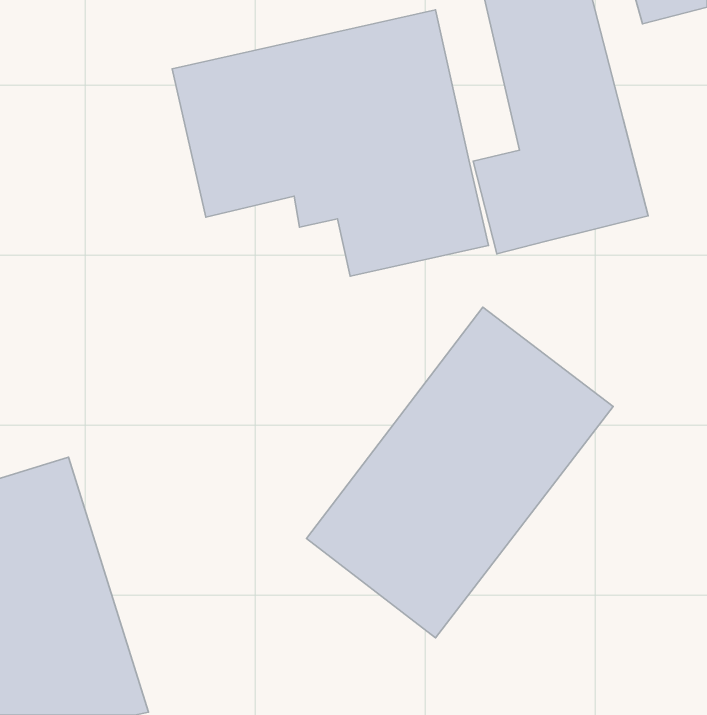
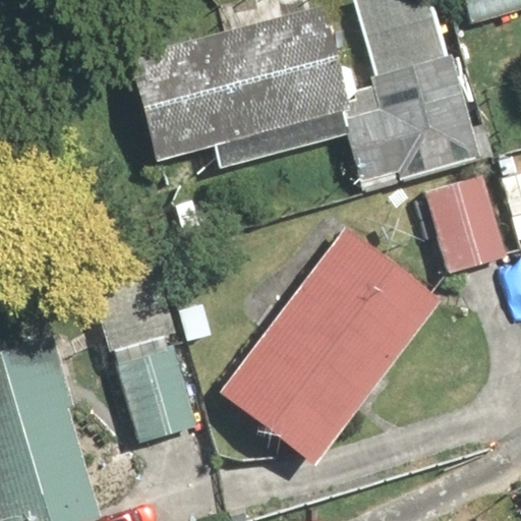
building: none -> [418,170,506,269]
building: none -> [114,338,196,439]

